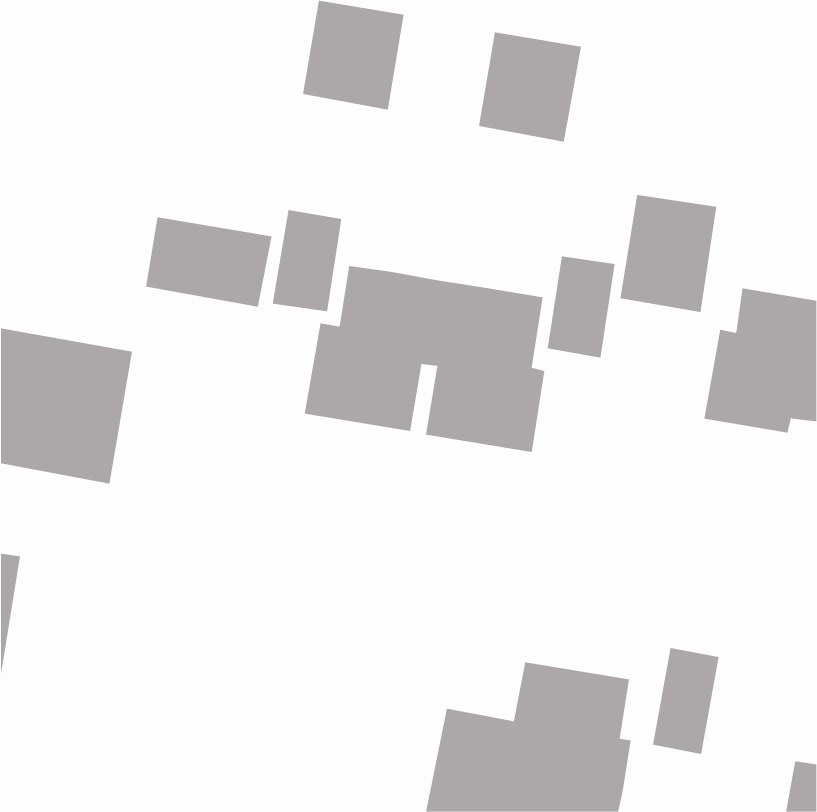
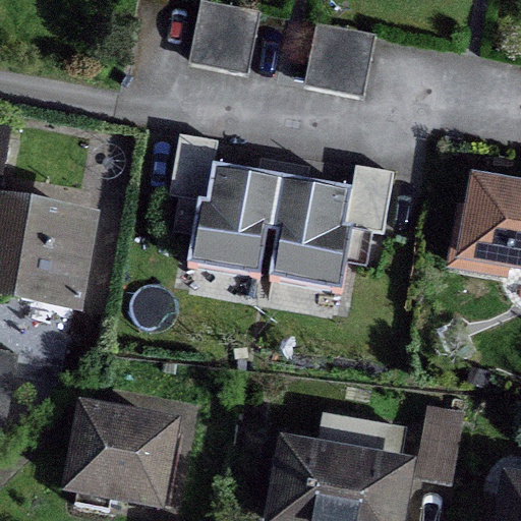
building: [620,194,717,313] -> none
building: [145,216,272,307] -> none
building: none -> [68,415,167,505]

